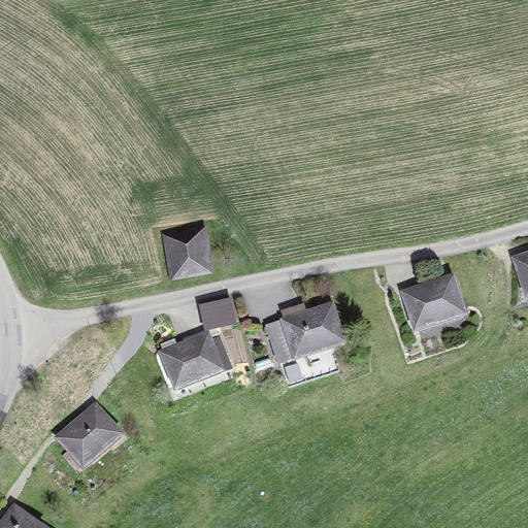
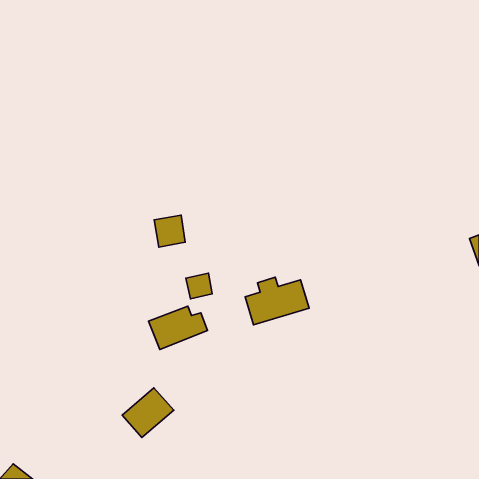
building: [406,279,459,324] -> none
building: [61,407,118,462] -> [122,388,174,438]

